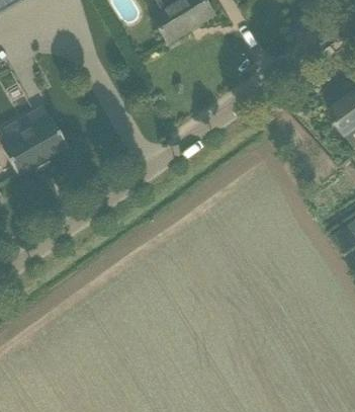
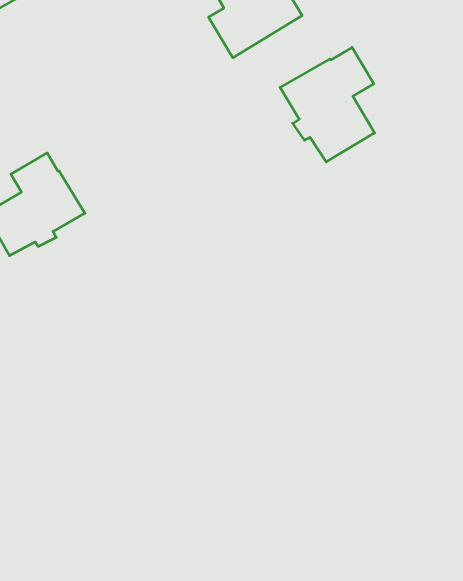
building: none -> [280,47,375,162]

